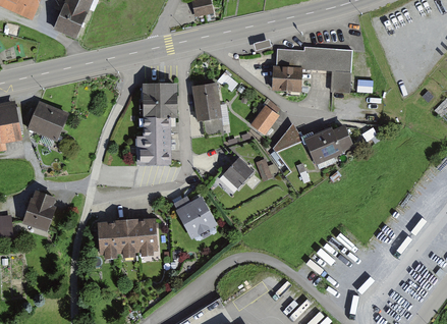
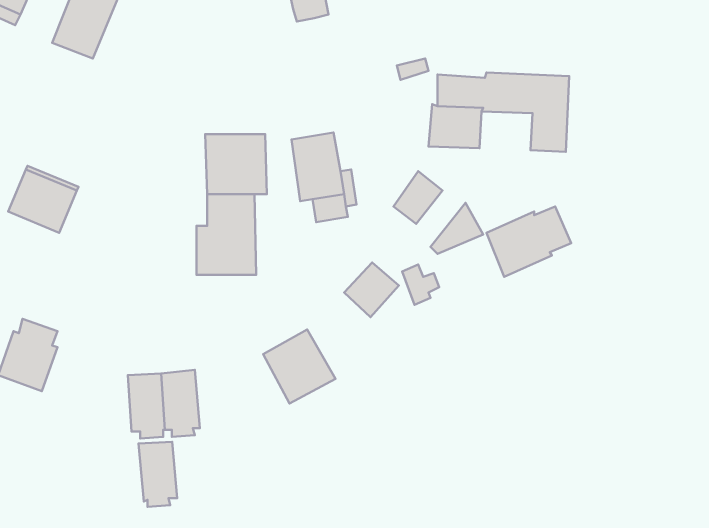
building: [135,218,158,256] -> [139,442,177,507]

